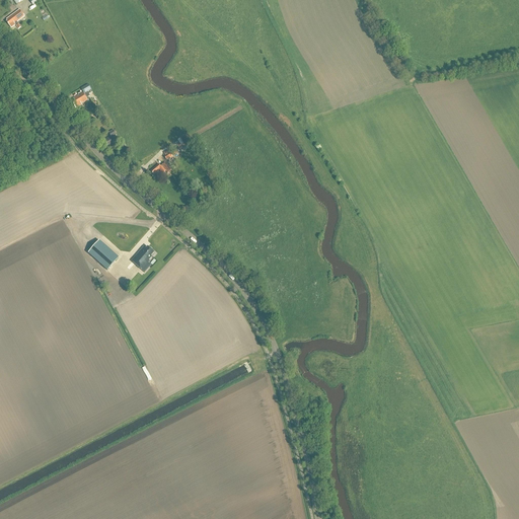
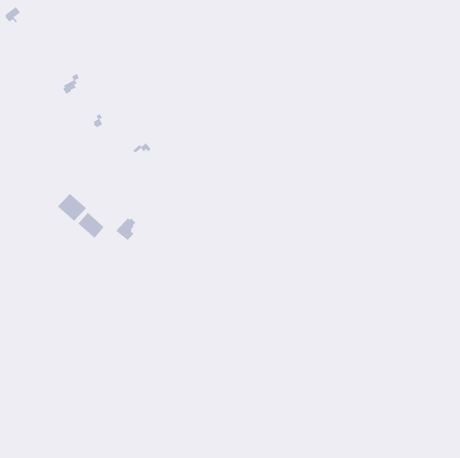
building: none -> [57,193,87,222]

